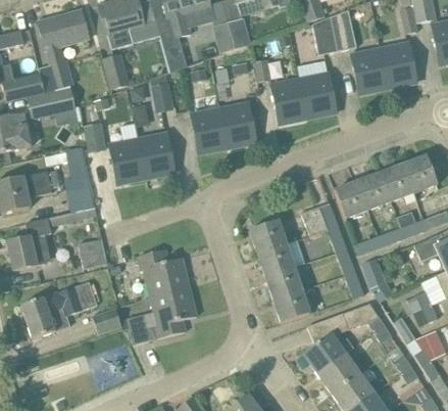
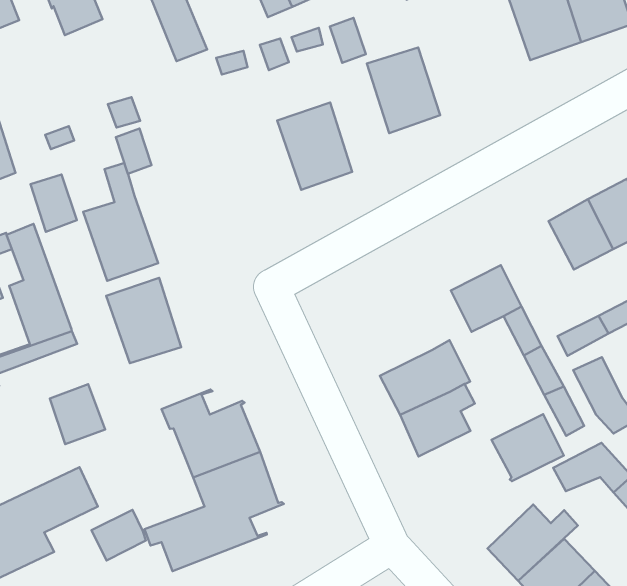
building: [102,53,129,89] -> none
building: [300,73,336,117] -> none
building: [150,74,175,112] -> none
building: [191,108,228,152] -> none
building: [138,133,175,177] -> [106,278,181,363]
building: [335,181,368,218] -> none
building: [249,219,287,253] -> none
building: [272,288,310,322] -> [491,414,564,481]

